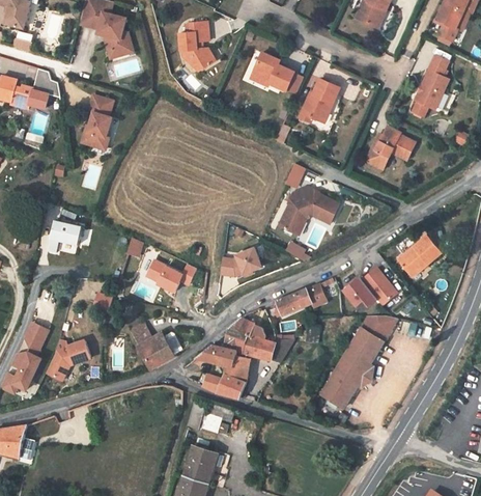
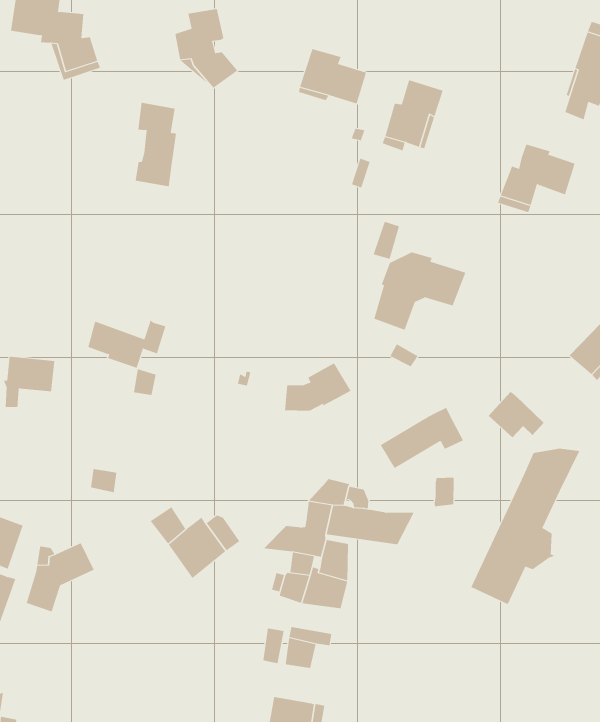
building: [80,93,110,147] -> [135,102,177,187]
building: [145,258,195,291] -> [87,319,166,368]
building: [362,267,398,306] -> none

